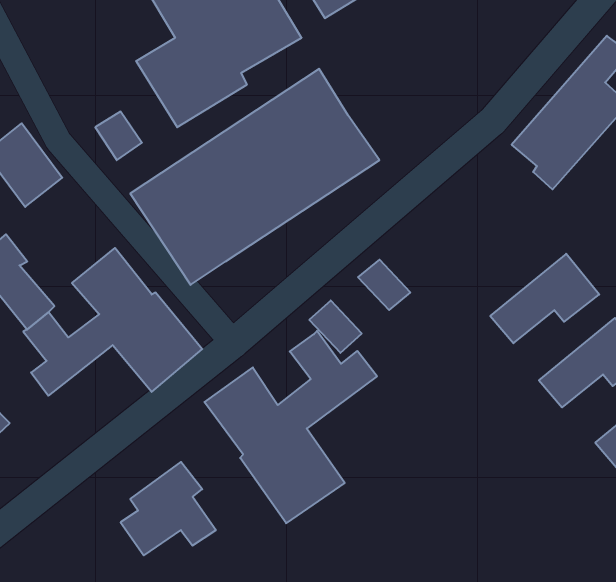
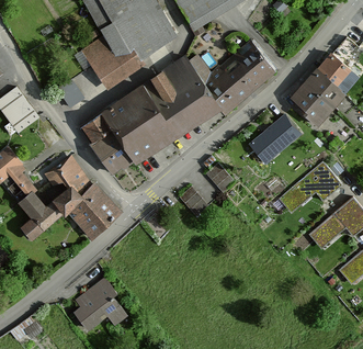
building: none -> [202,44,275,117]
building: none -> [249,114,300,162]
building: [204,331,377,523] -> none

